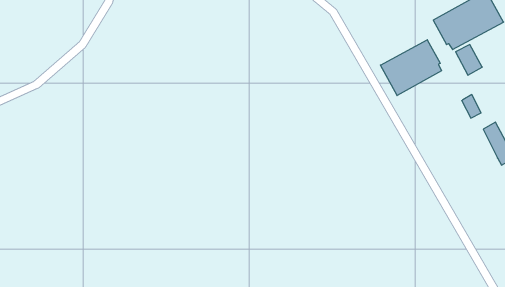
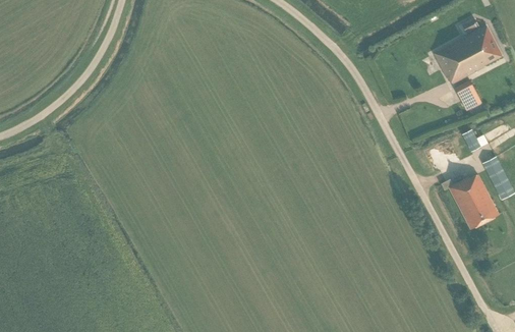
building: [380,40,441,96] -> none
building: none -> [440,173,499,230]

